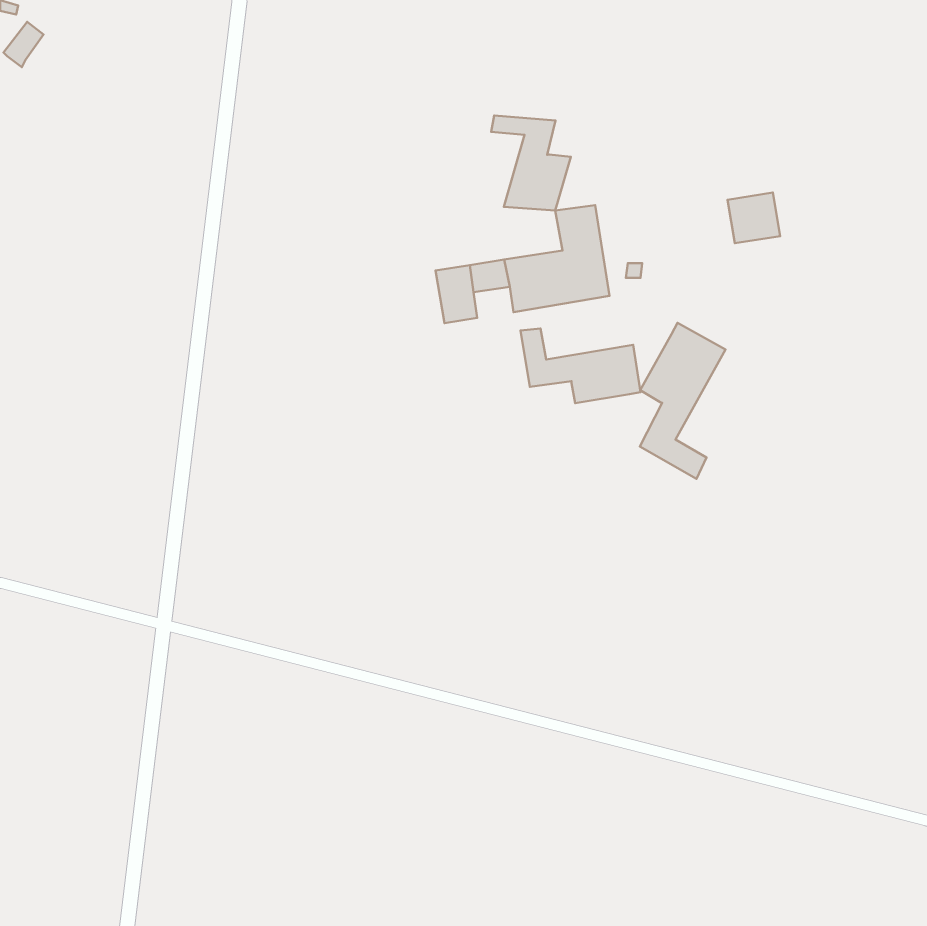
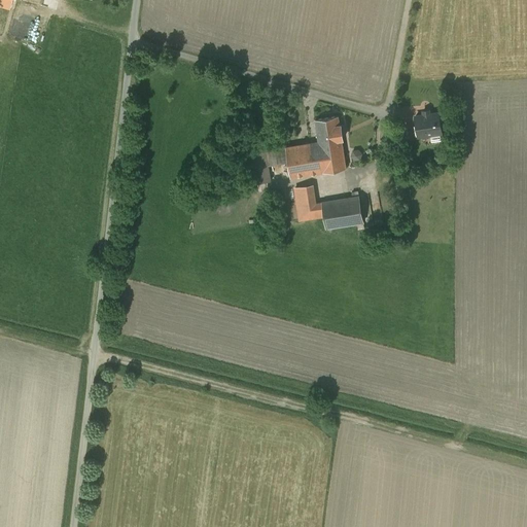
building: [491,115,571,211] -> none
building: [640,323,725,479] -> none

